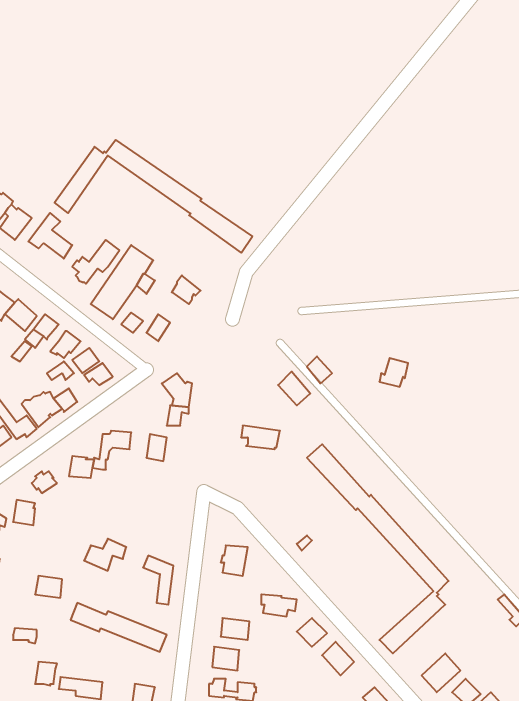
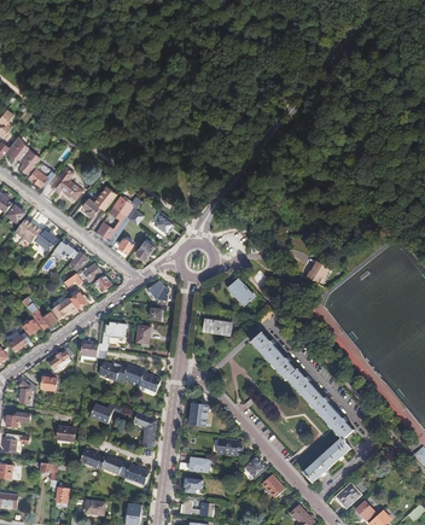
building: [55,140,252,253] -> none
building: none -> [98,362,159,391]

